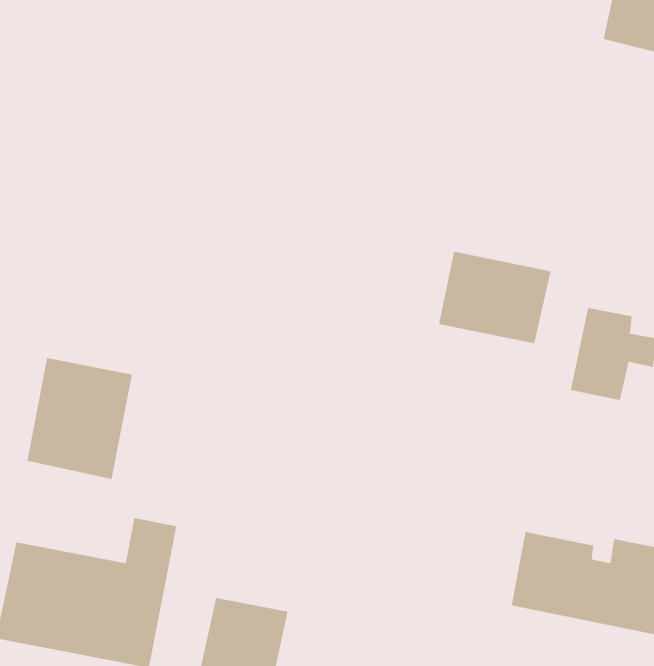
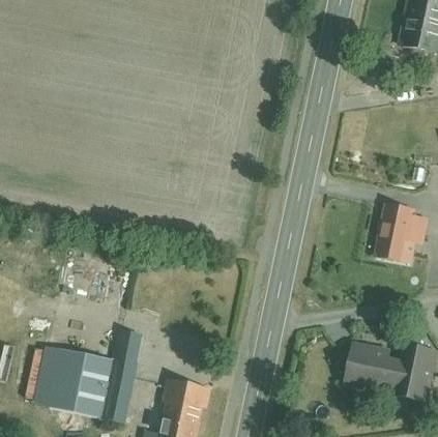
building: [438,251,551,344] -> none
building: [27,357,133,480] -> none

